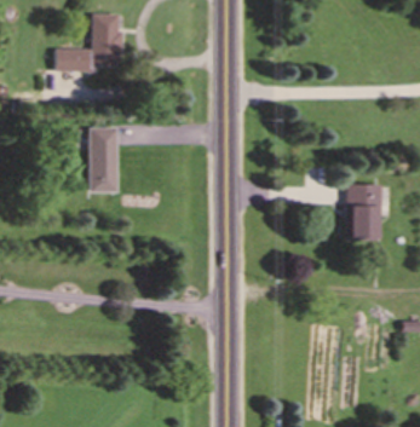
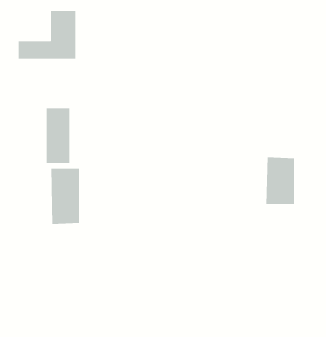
building: none -> [50,168,80,225]

